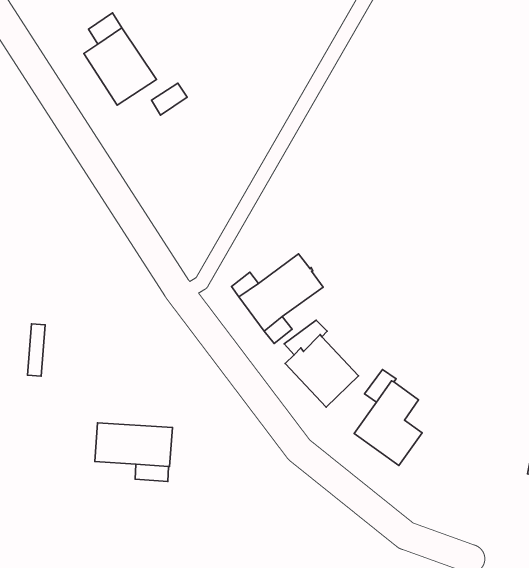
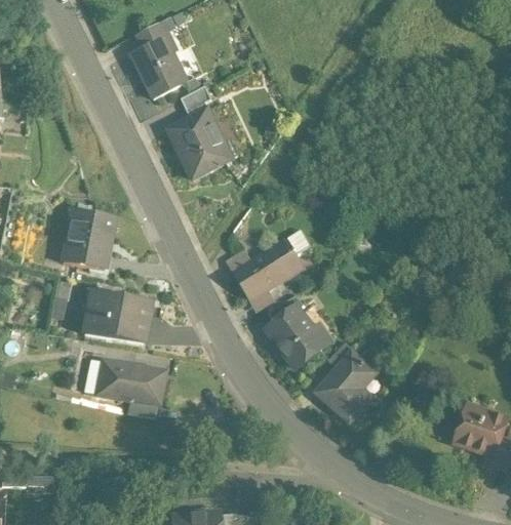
building: none -> [166,108,232,178]
building: none -> [64,207,115,268]
building: none -> [86,290,150,340]

